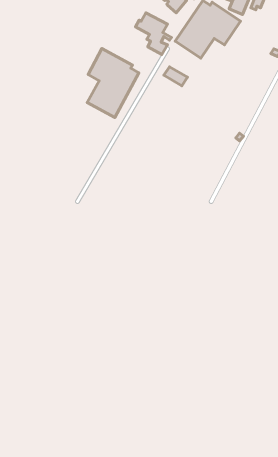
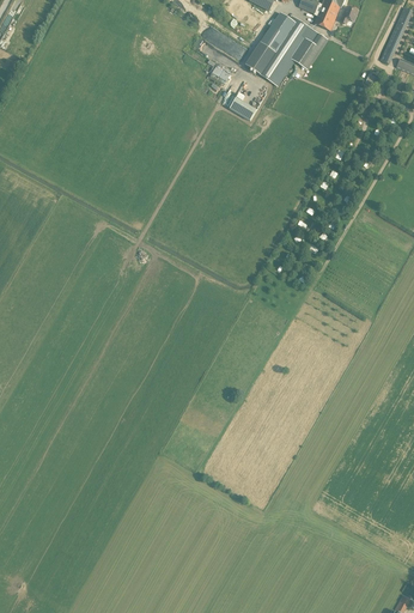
building: [87,48,139,118] -> none

